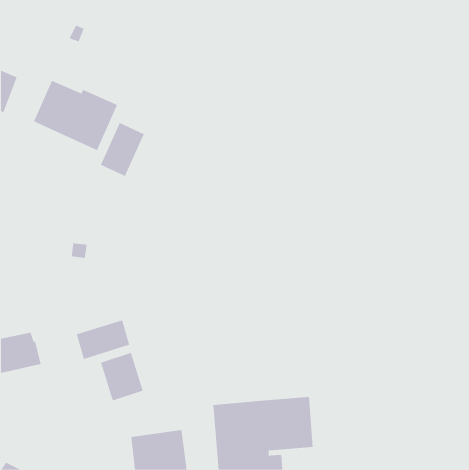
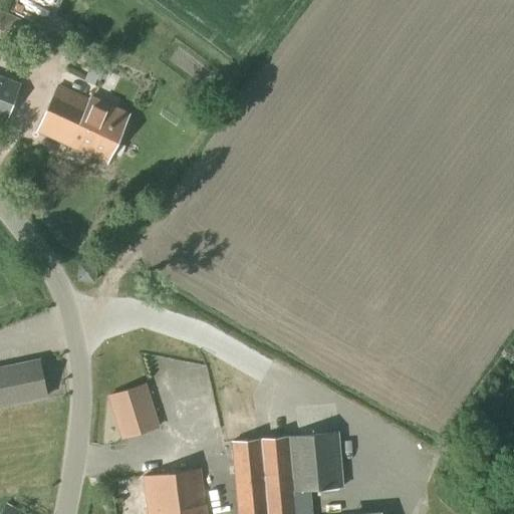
building: [100,122,144,177] -> none
building: [76,320,130,360] -> none

